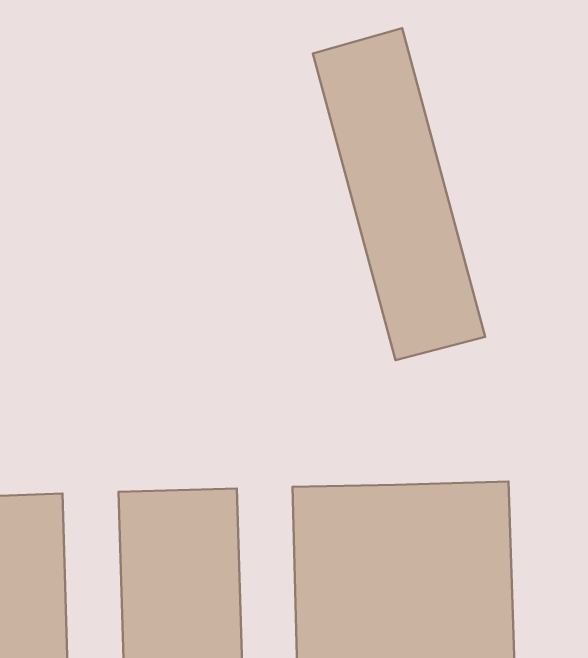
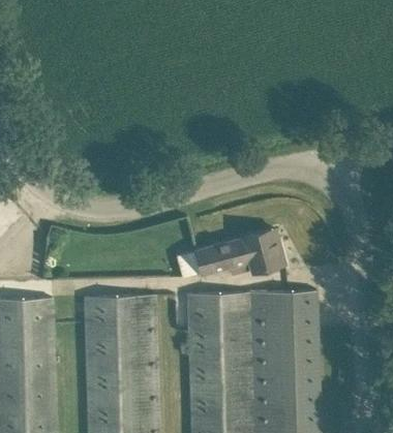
building: [313,28,485,360] -> none
building: none -> [194,231,283,276]

